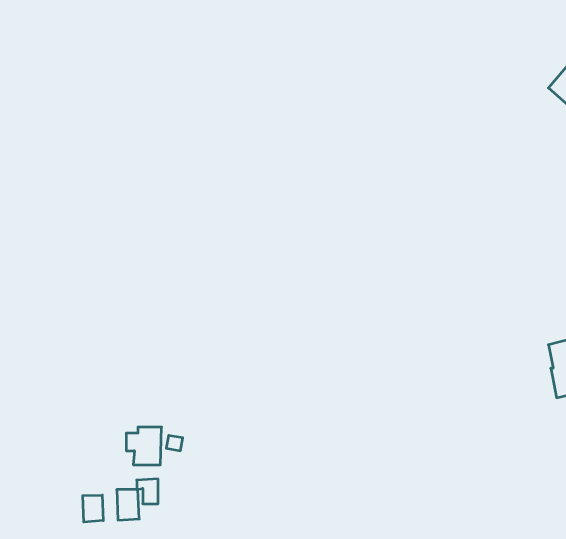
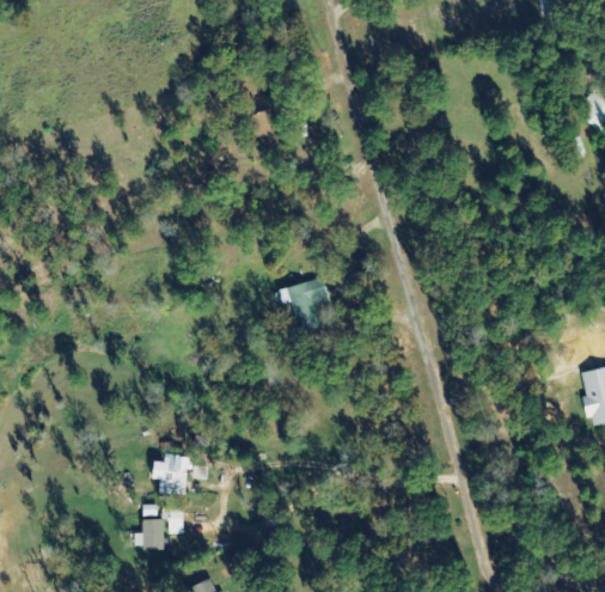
building: none -> [280,277,330,331]
building: [83,495,103,522] -> none

